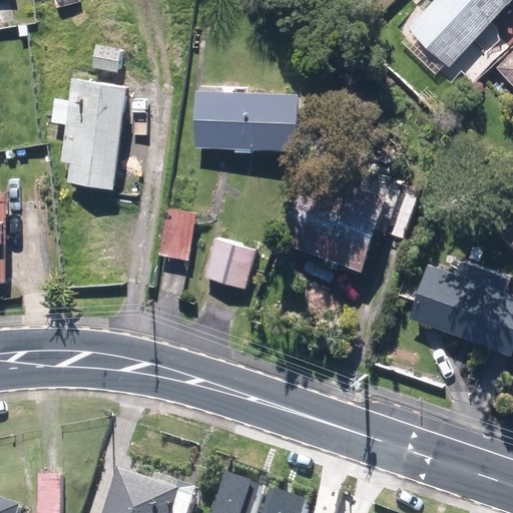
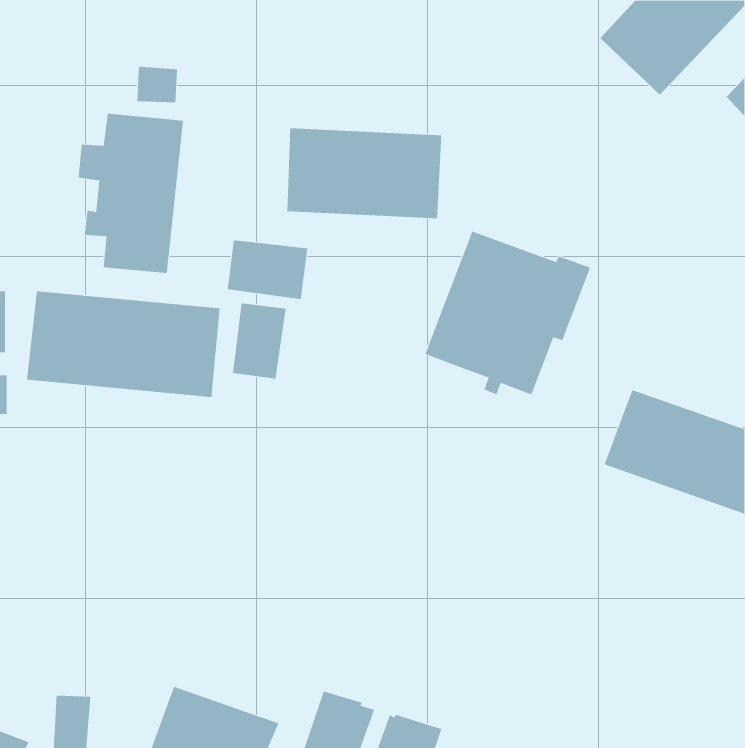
building: none -> [227,240,308,300]
building: none -> [27,290,220,398]
building: [204,239,259,292] -> none

